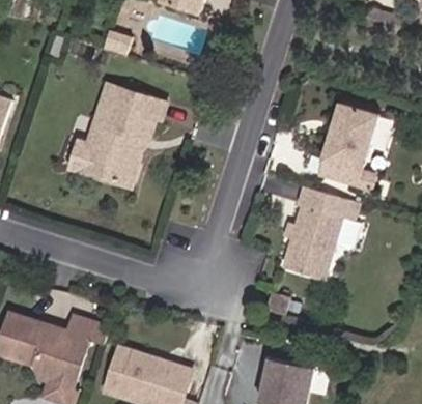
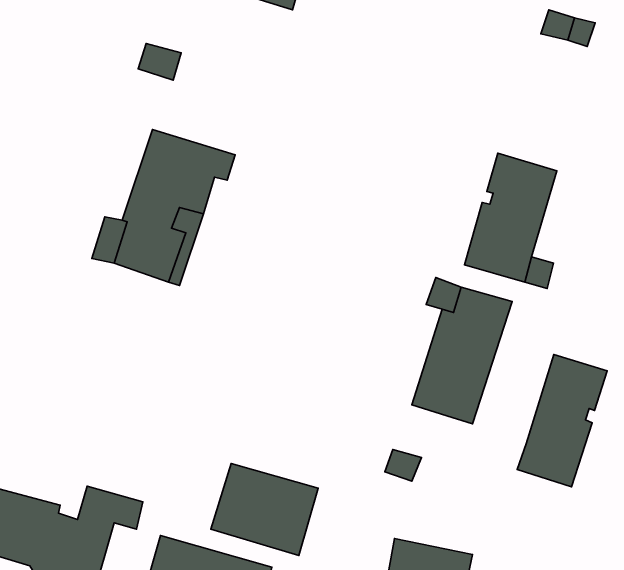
building: none -> [517,355,607,487]
building: none -> [211,464,318,556]

